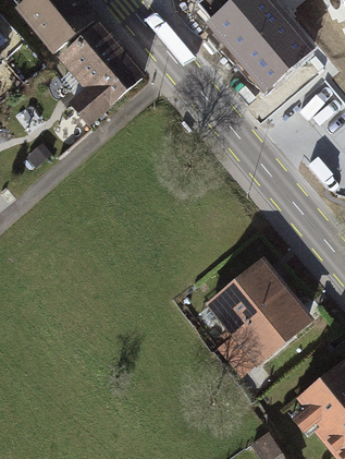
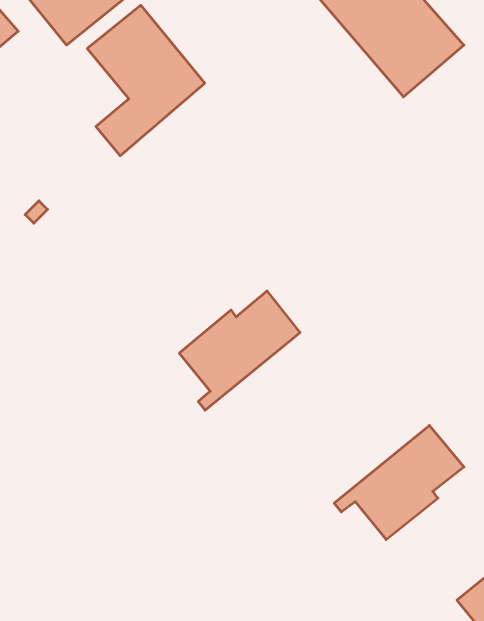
building: [208,266,284,341] -> [179,291,300,410]

